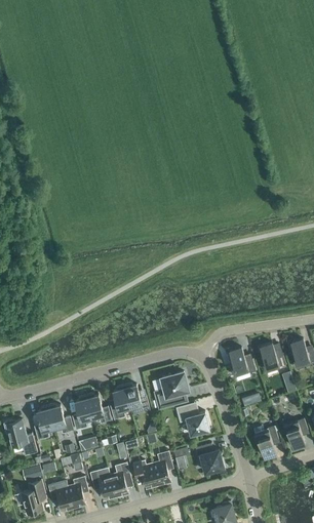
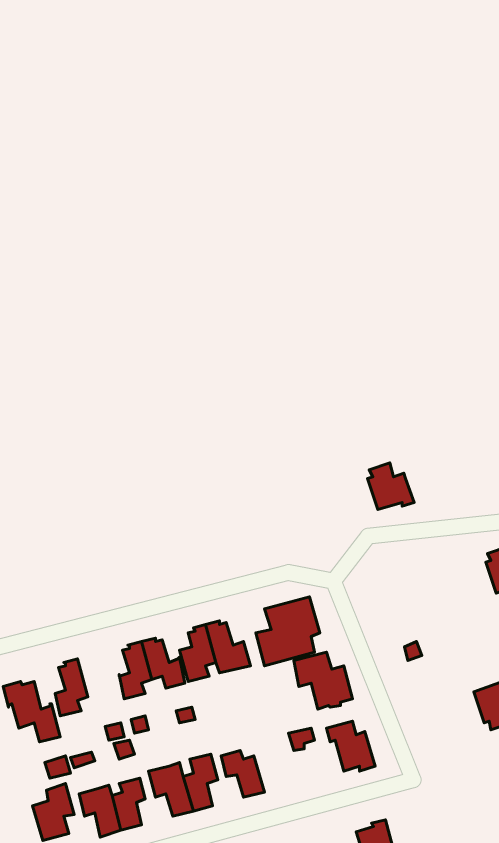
building: [259,344,285,371] -> none
building: [228,348,256,375] -> [367,463,414,510]
building: [47,404,74,434] -> none
building: [252,426,278,457] -> none
building: [152,451,172,485] -> none

